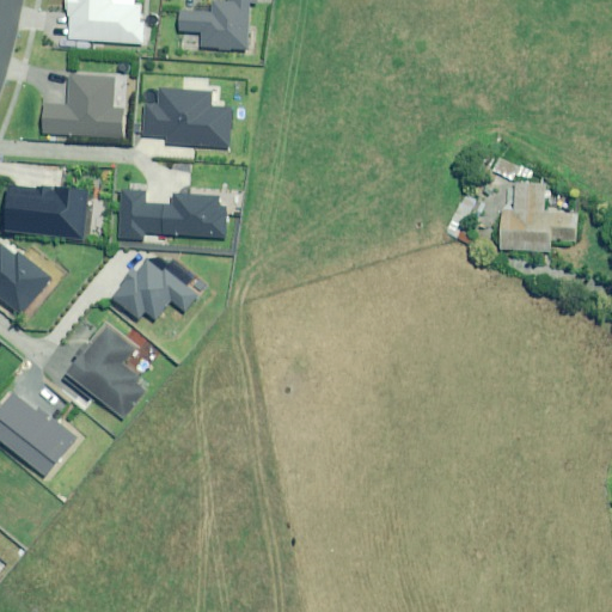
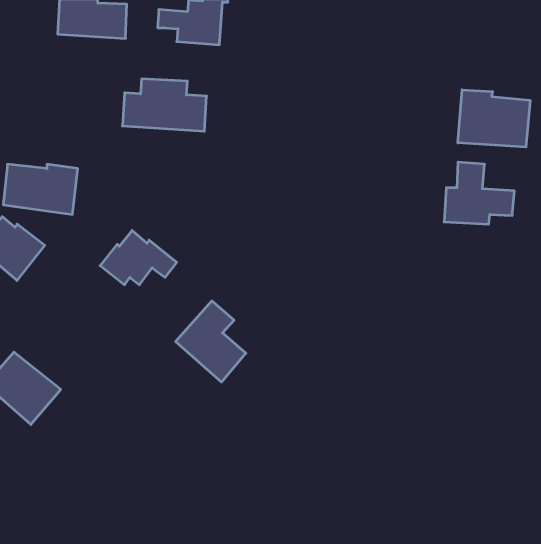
building: [42,74,124,137] -> none
building: none -> [458,90,530,147]
building: [118,190,225,239] -> none
building: [68,326,147,417] -> [176,301,246,382]

